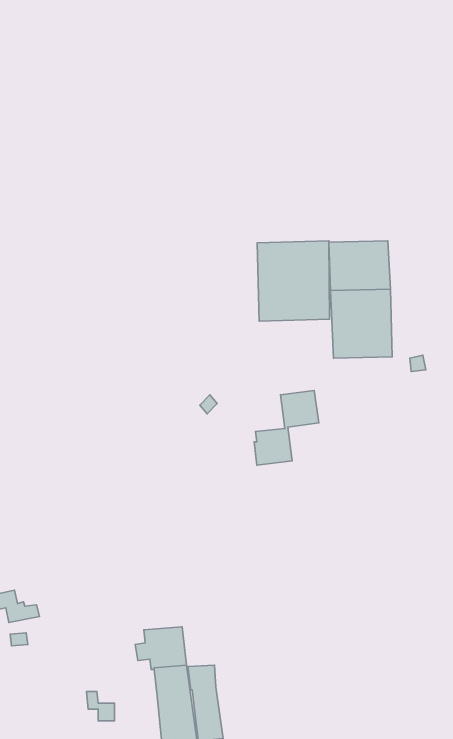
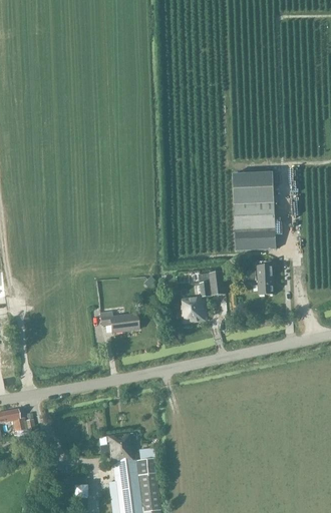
building: [257,241,329,321] -> none
building: none -> [256,265,274,294]
building: none -> [99,312,136,333]

